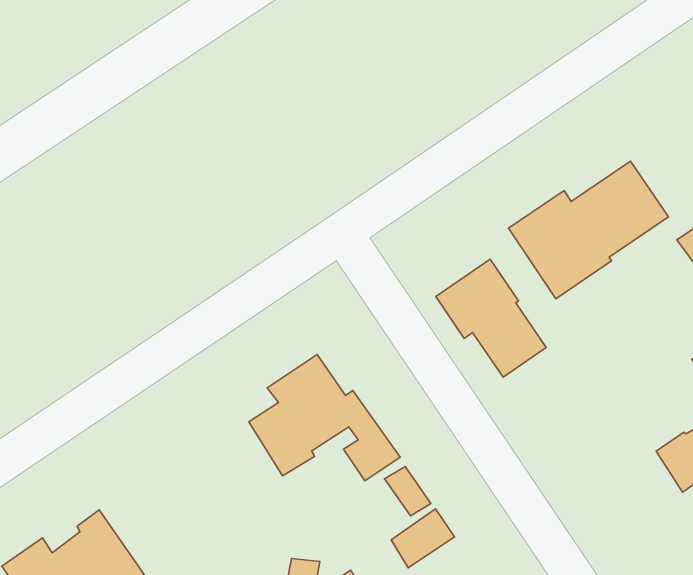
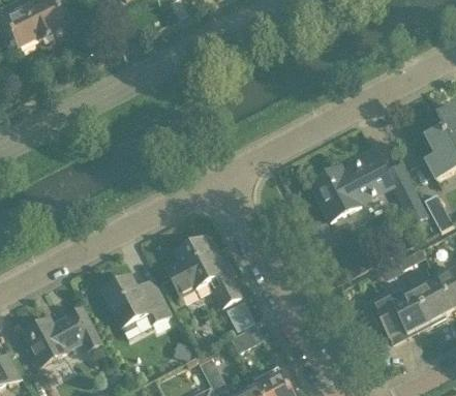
building: [436,259,546,377] -> none
building: none -> [102,274,170,325]

